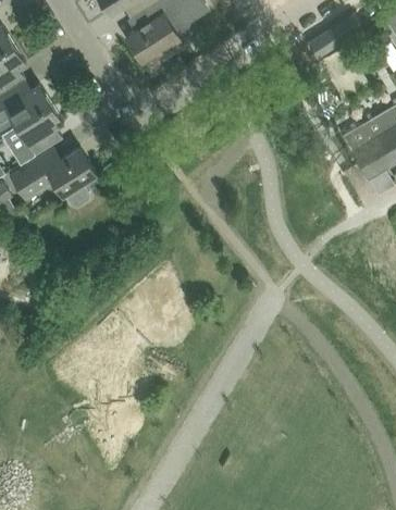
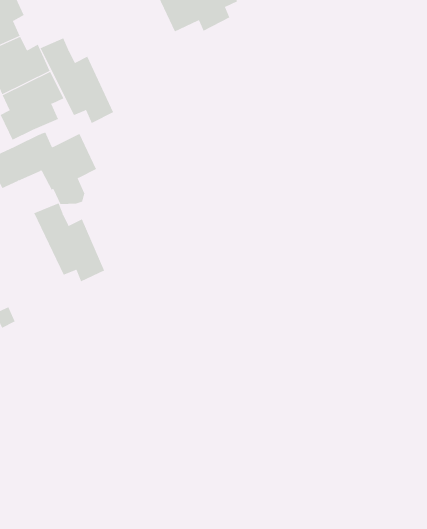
building: none -> [40,38,114,124]
building: none -> [33,202,105,282]

